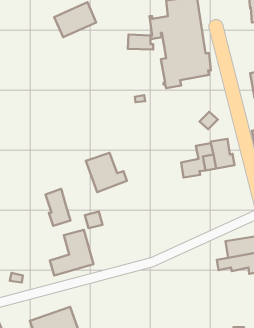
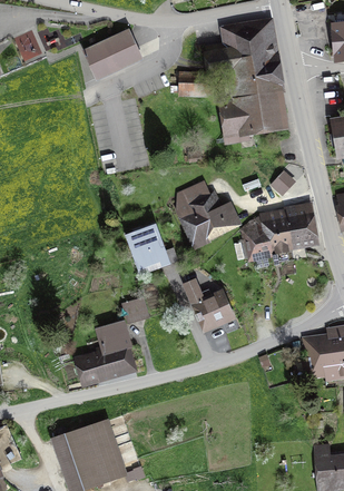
building: none -> [176,178,244,251]
building: [46,189,71,226] -> none
building: none -> [183,278,232,328]

